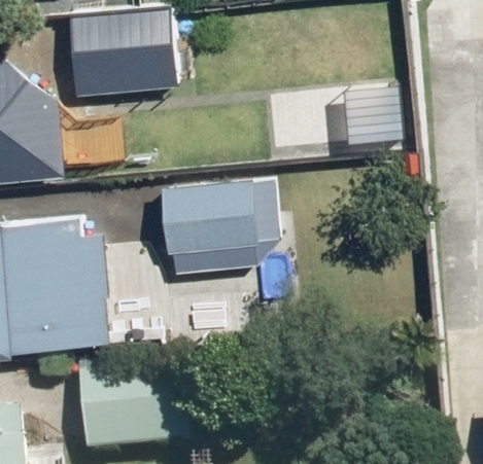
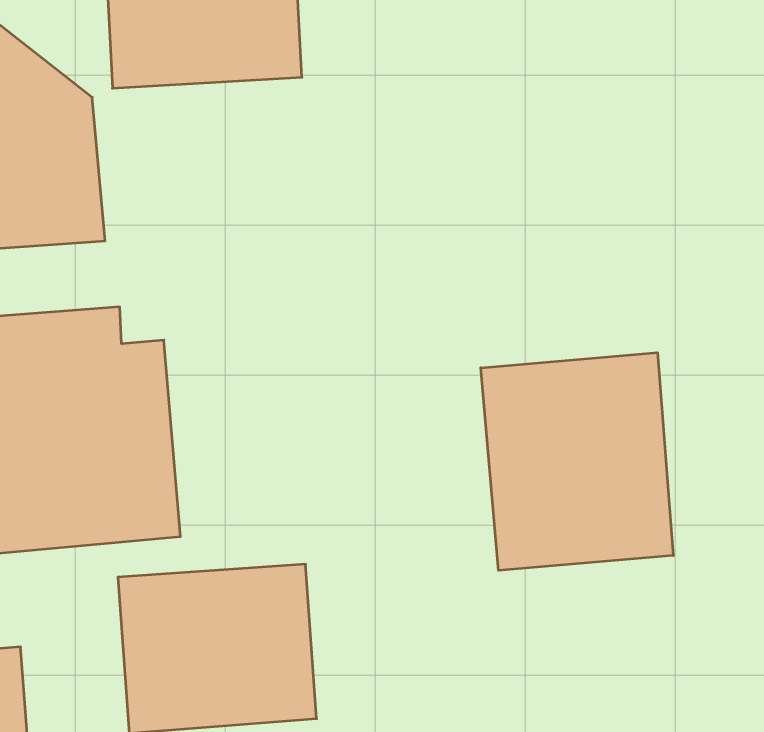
building: [159,180,260,256] -> none
building: none -> [481,353,673,570]

